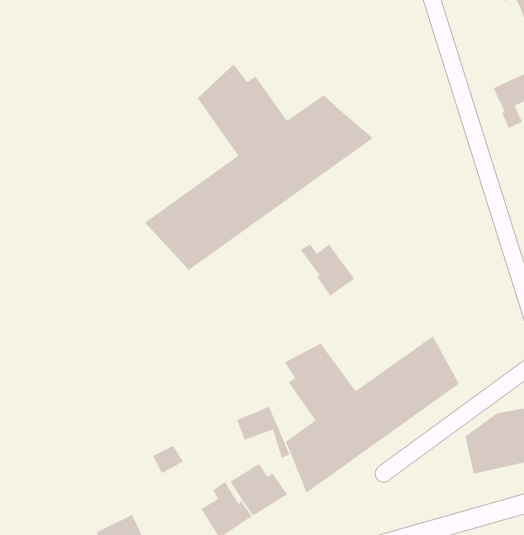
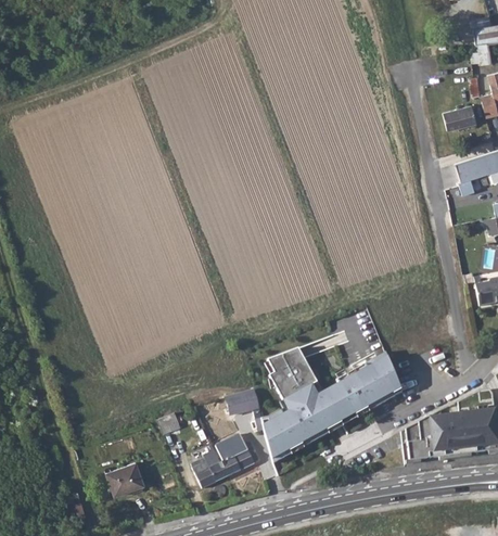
building: none -> [444,105,477,131]
building: [144,64,374,271] -> none
building: [300,243,355,297] -> none

